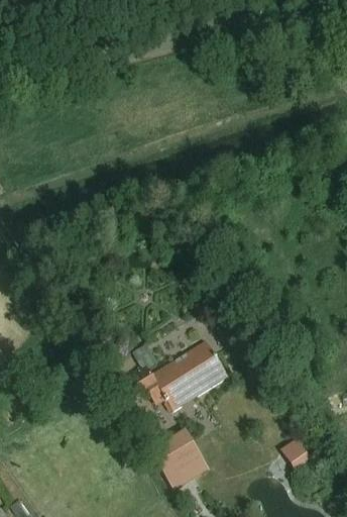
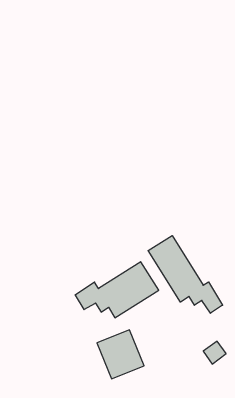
building: none -> [148,236,223,313]

